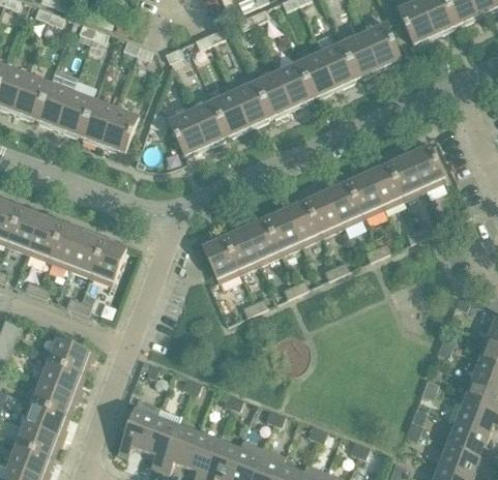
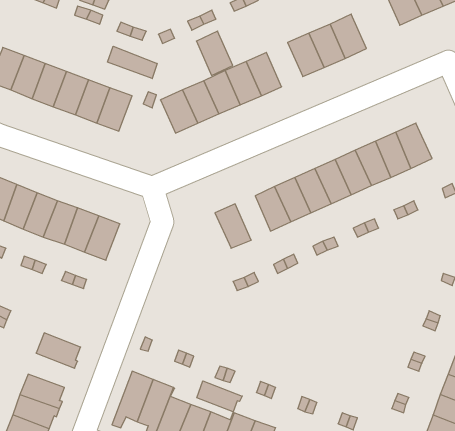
building: [362,22,400,66] -> none
building: [275,60,313,106] -> [196,31,233,75]
building: none -> [108,46,157,79]
building: [243,217,280,263] -> none
building: [201,235,239,281] -> none
building: [48,336,95,372] -> none
building: [31,379,79,414] -> none
building: none -> [197,381,242,412]

